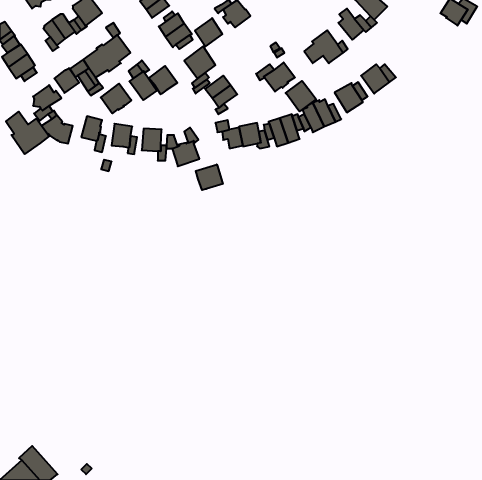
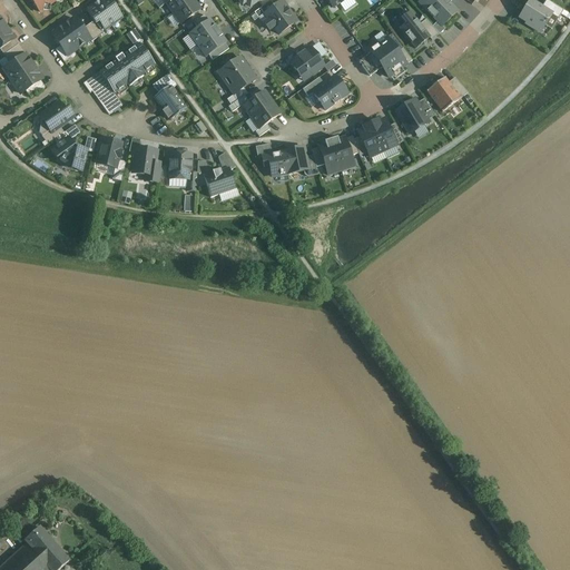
building: [195,18,222,46] -> [289,46,322,79]
building: [149,66,177,94] -> none
building: [54,68,79,93] -> none
building: [286,81,316,111] -> none
building: [101,84,131,113] -> none
building: [6,112,49,154] -> none
building: [196,164,223,190] -> none

